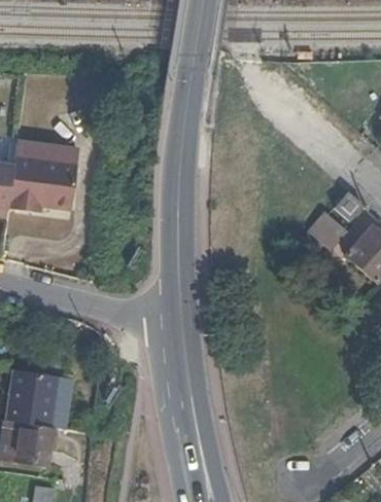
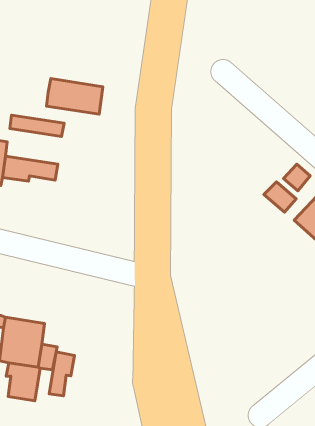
building: [11,151,76,192] -> [47,79,103,114]
building: none -> [49,352,75,396]

